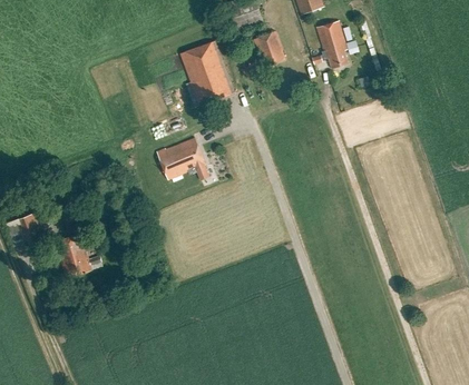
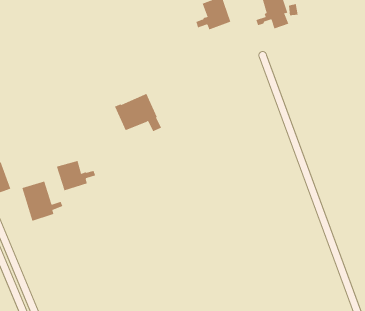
building: [180,41,234,106] -> none
building: none -> [56,160,96,191]

